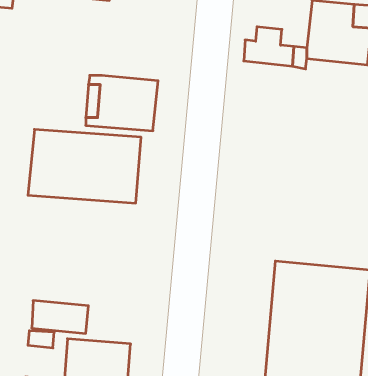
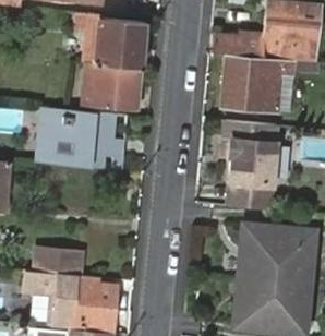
building: none -> [73,15,146,68]
building: none -> [225,57,294,110]
building: none -> [220,120,279,209]

